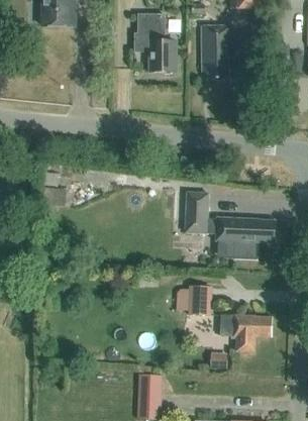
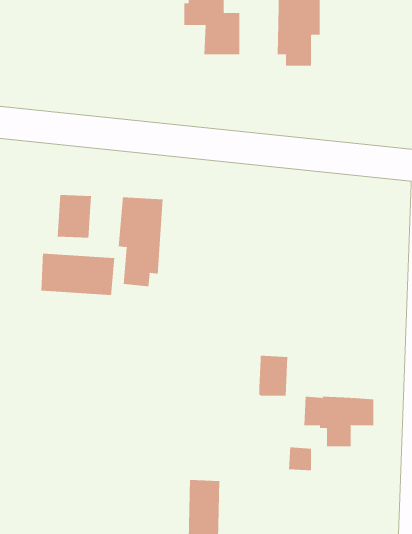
building: none -> [118,197,163,287]
building: [185,192,274,258] -> none
building: none -> [41,253,115,296]

